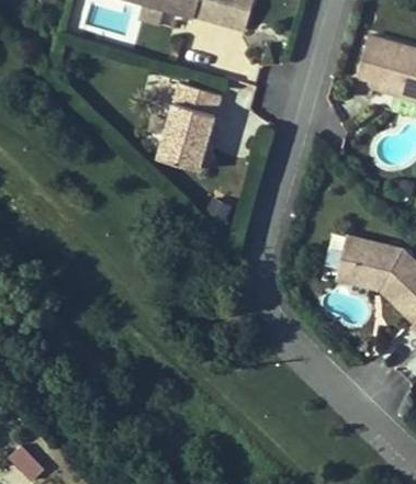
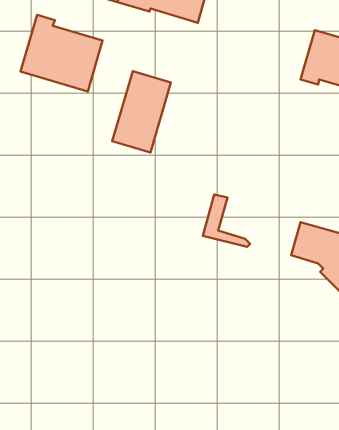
building: none -> [20,15,102,92]
building: [331,238,382,294] -> [203,195,250,247]

